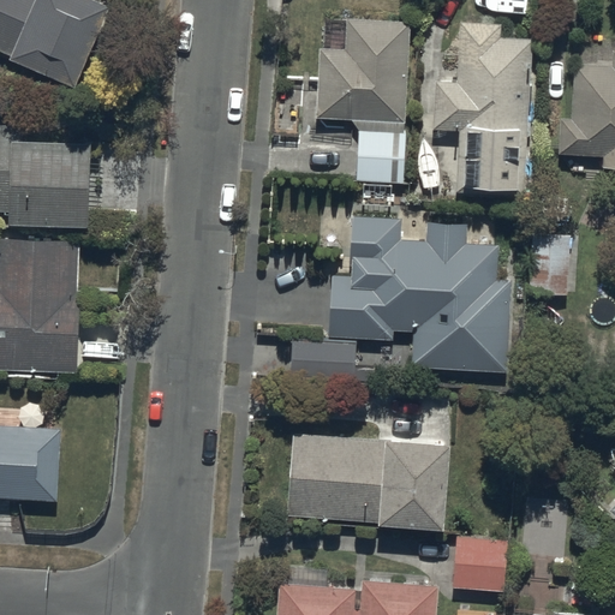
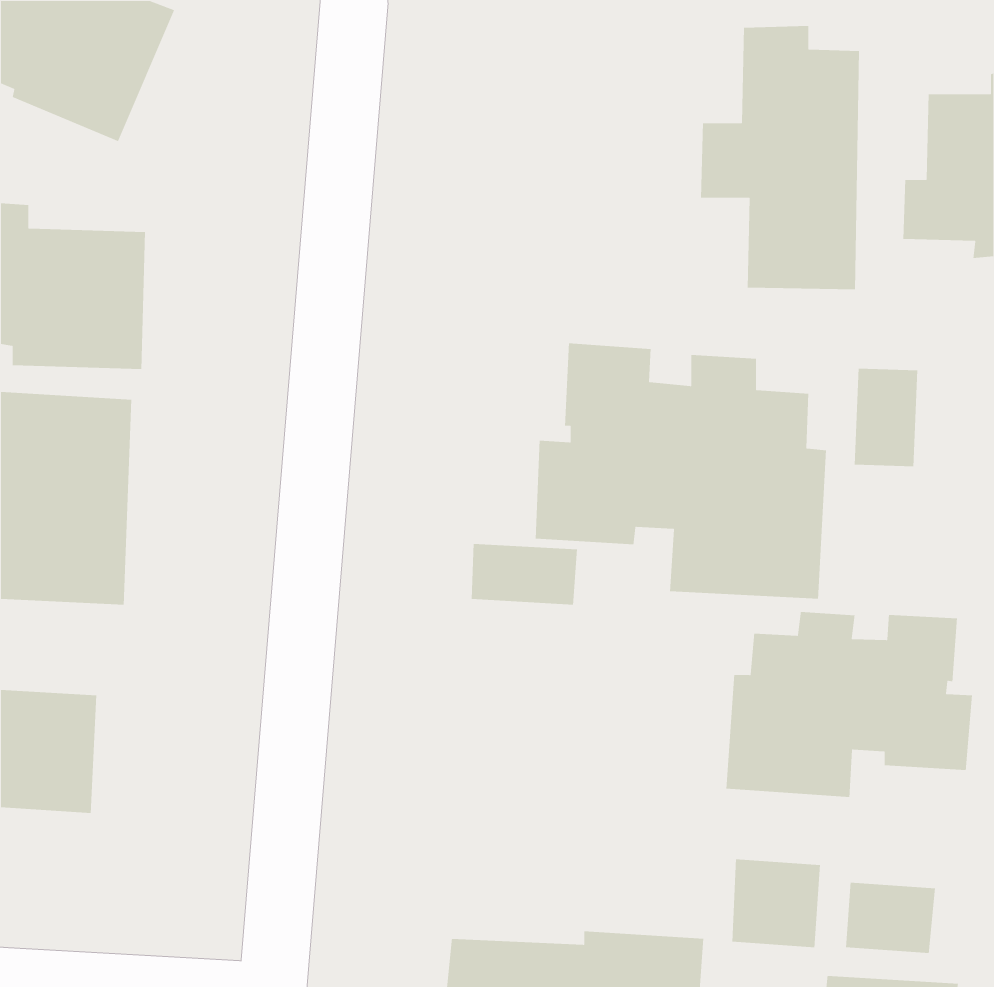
building: [317,18,408,180] -> none
building: none -> [725,611,973,798]
building: [282,426,449,521] -> none
building: none -> [845,882,936,954]

